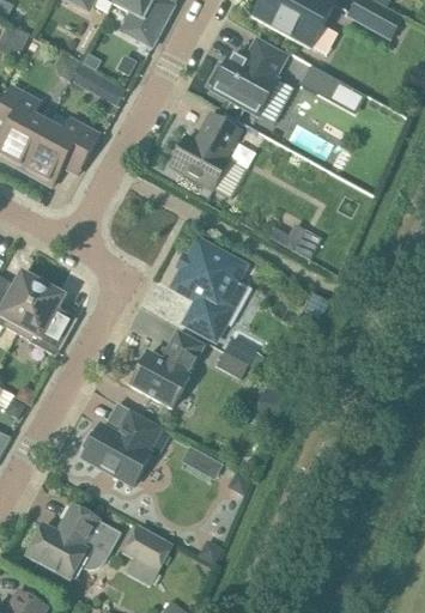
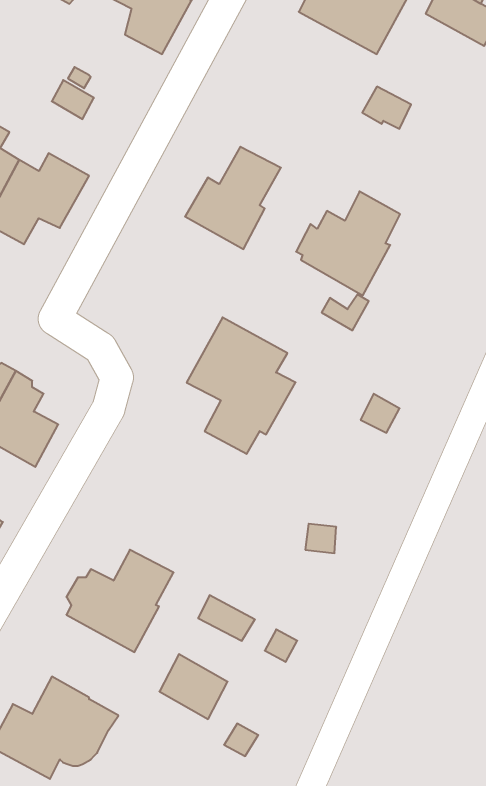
building: [208,37,285,114] -> [296,191,400,295]
building: [129,330,202,407] -> none
building: [214,335,253,375] -> none
building: [122,523,172,571] -> [159,654,228,719]

